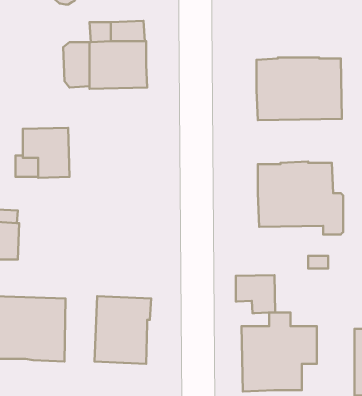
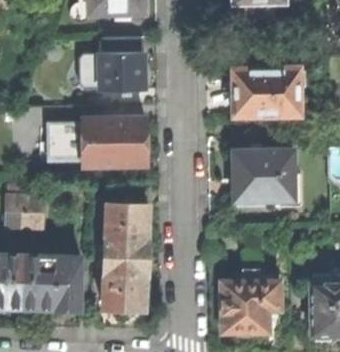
building: none -> [82,118,145,166]
building: none -> [105,204,148,258]
building: [236,275,275,313] -> none

